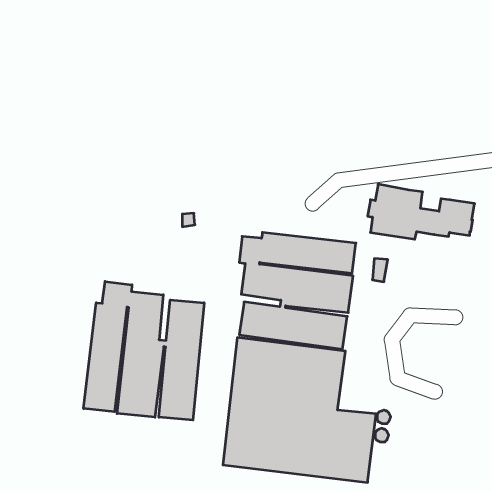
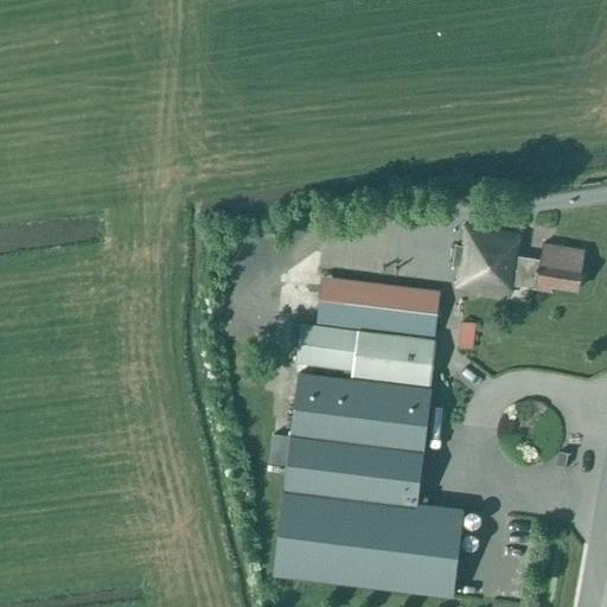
building: [84,281,204,420] -> none

